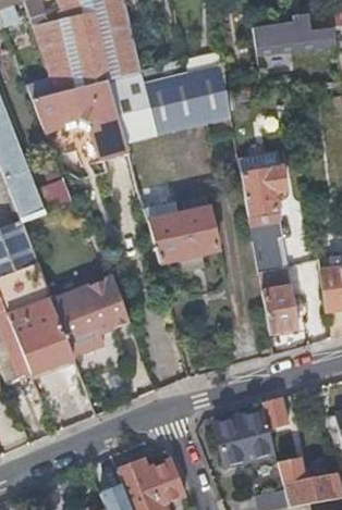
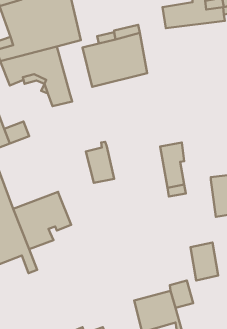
building: [109,72,157,142] -> none
building: [241,167,285,215] -> none
building: [176,198,219,259] -> none
building: [261,283,298,334] -> [191,242,218,280]

